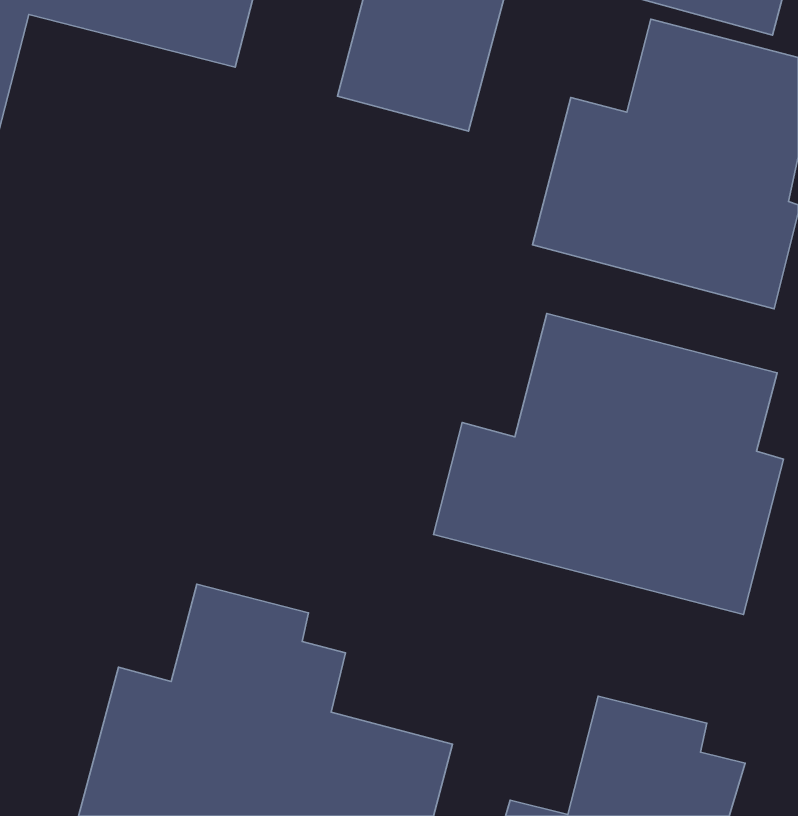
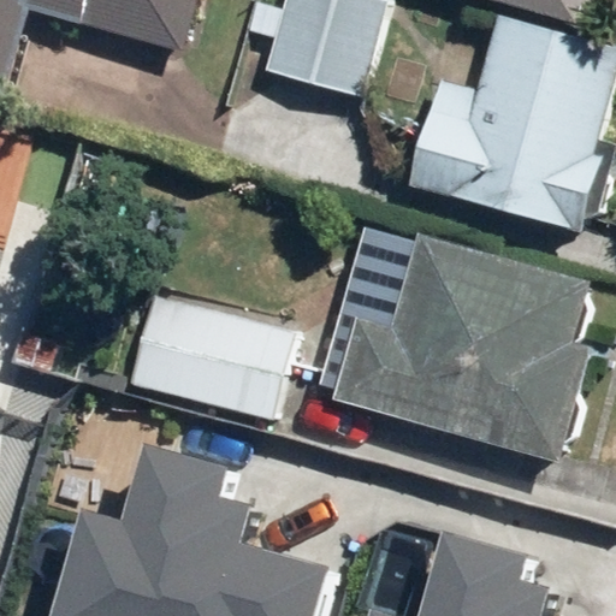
building: none -> [178,308,289,419]

